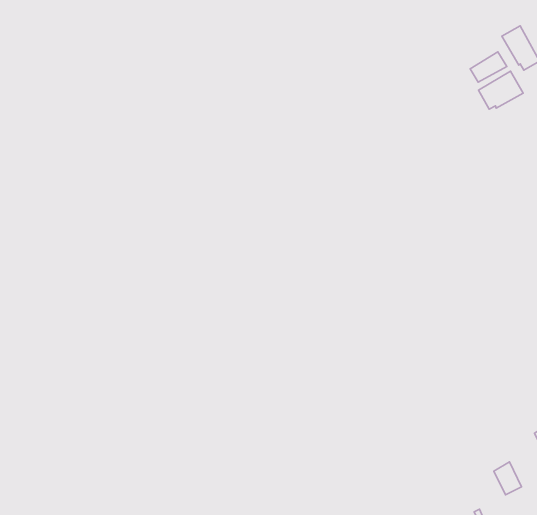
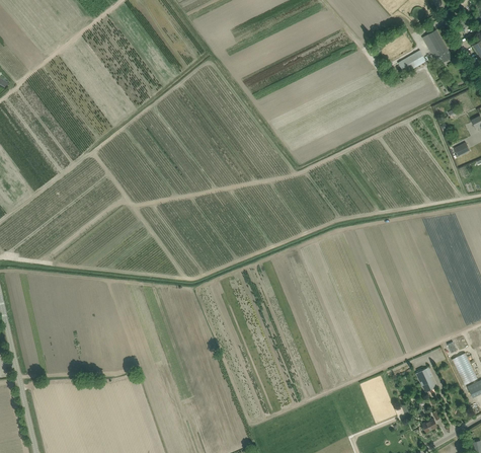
building: [479,71,523,109] -> none

